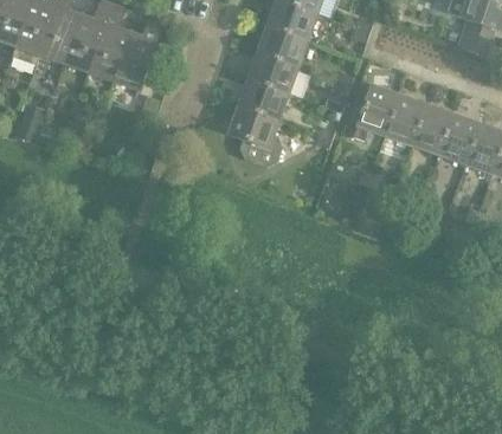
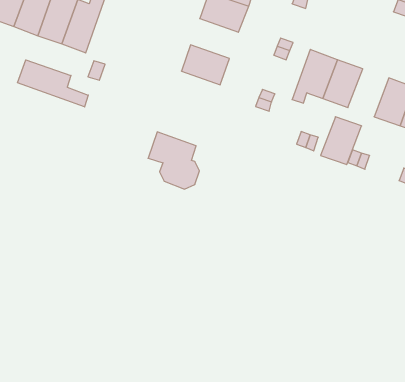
building: [247,52,297,93] -> none
building: none -> [18,60,88,107]
building: [411,104,453,154] -> [321,117,362,165]
building: [229,106,282,166] -> [148,132,199,189]

